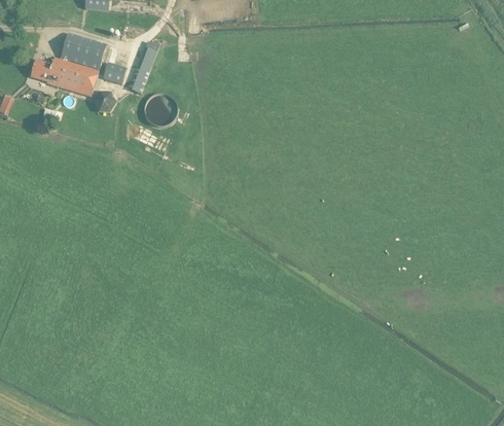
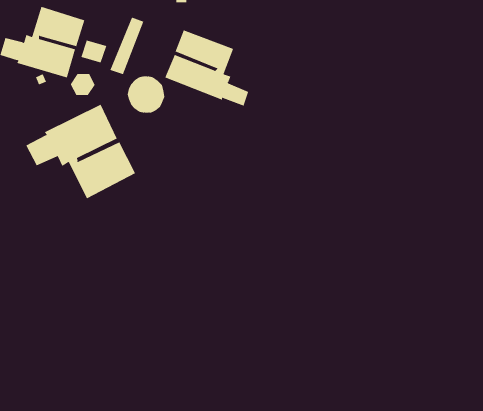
building: none -> [165,30,249,106]
building: none -> [25,104,136,199]

